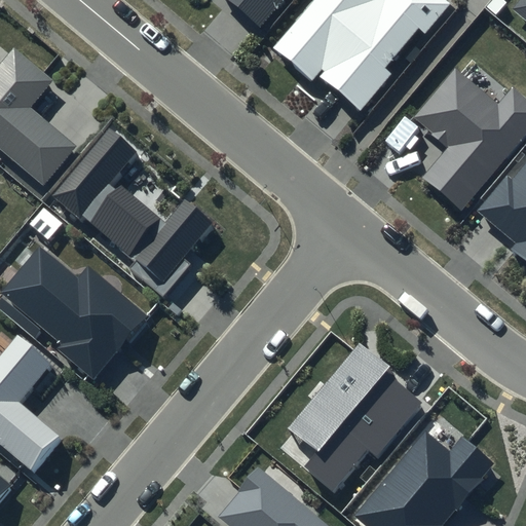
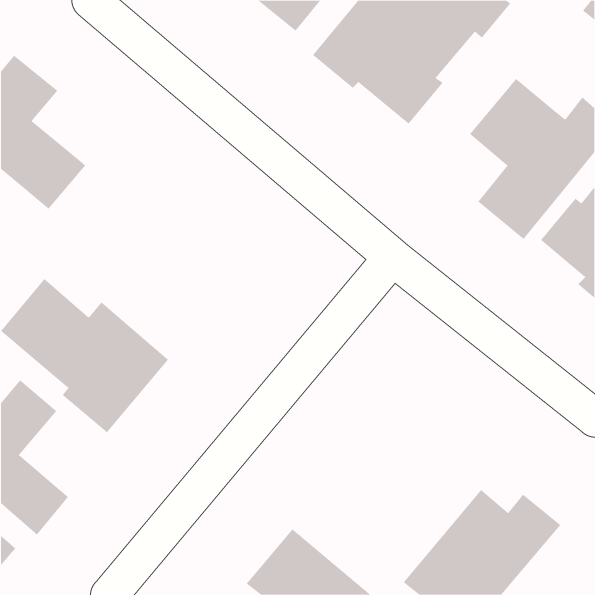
building: [48,125,211,295] -> none
building: [289,342,422,492] -> none

